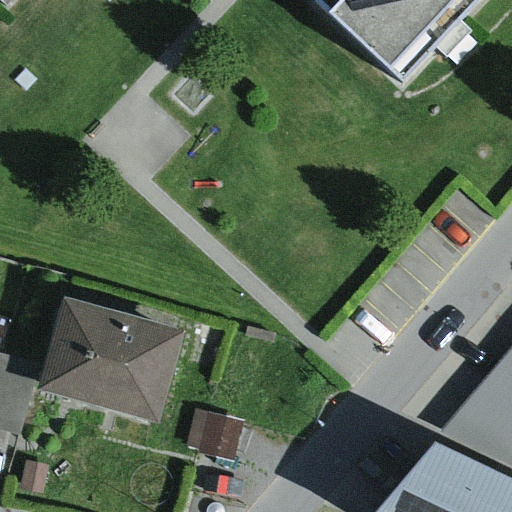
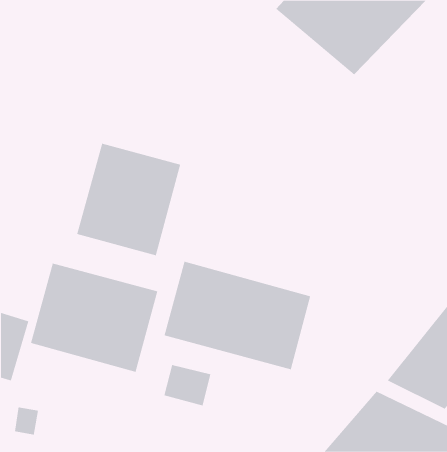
building: none -> [76,143,181,256]
building: none -> [164,261,311,370]

